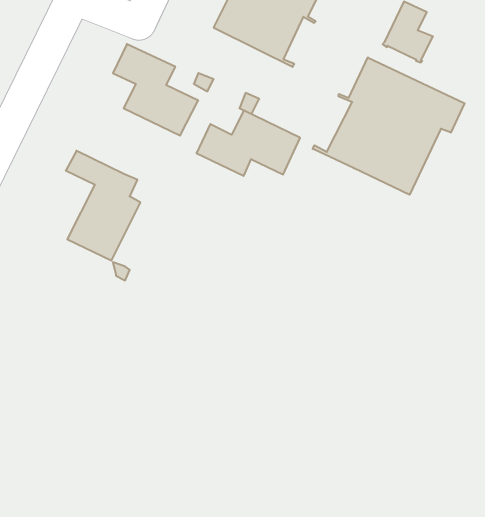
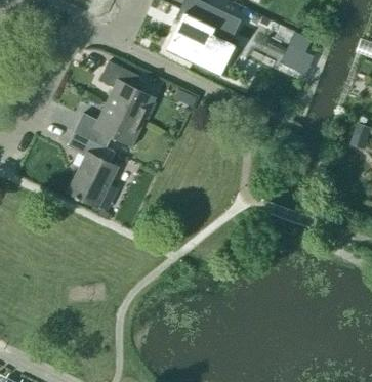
building: [313,57,465,195] -> none
building: [196,110,300,176] -> [74,103,143,147]

